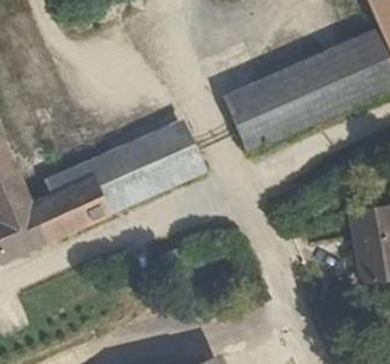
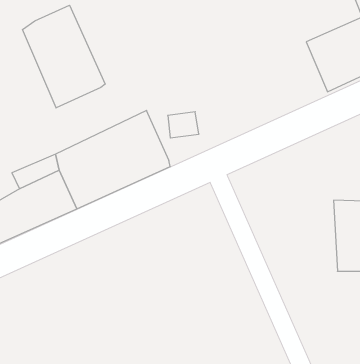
building: none -> [23,5,105,108]
building: [229,52,347,146] -> none

